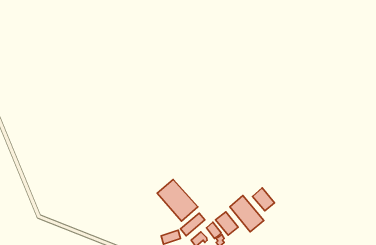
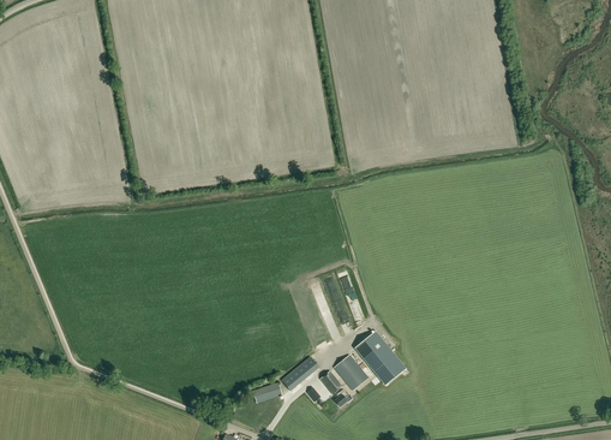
building: [157,180,198,221] -> none
building: [252,188,274,211] -> none

